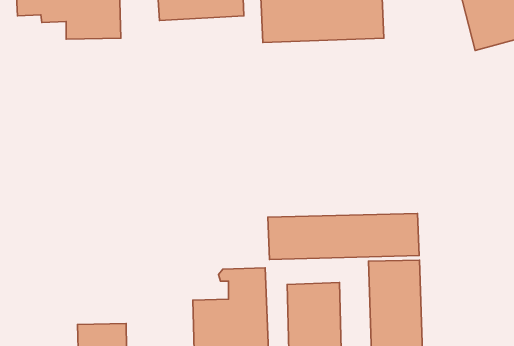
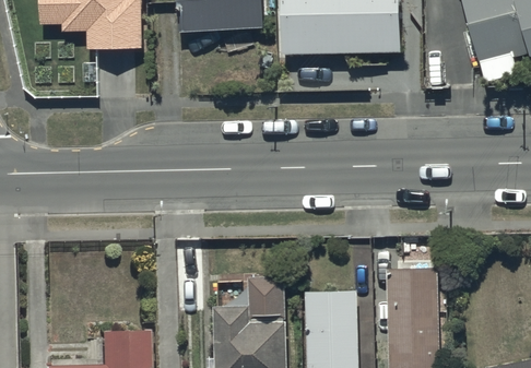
building: [268,214,419,259] -> none

